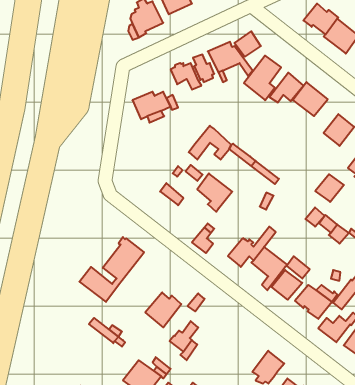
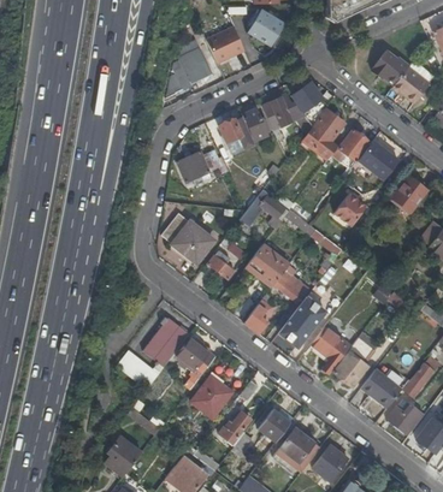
building: none -> [159,213,213,263]
building: [315,174,344,202] -> [333,194,366,225]
building: none -> [273,269,308,302]
building: none -> [176,337,214,389]
building: none -> [258,408,293,441]
building: none -> [279,428,319,467]
building: none -> [105,434,141,475]

